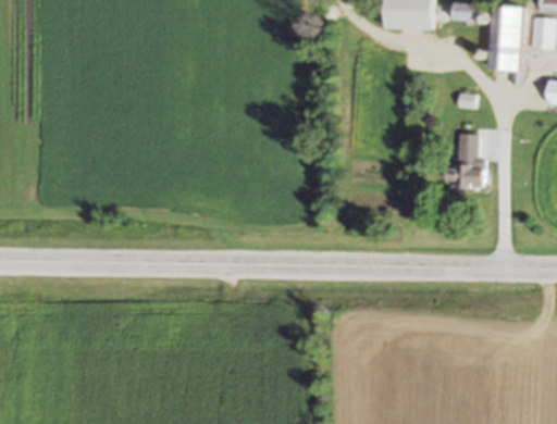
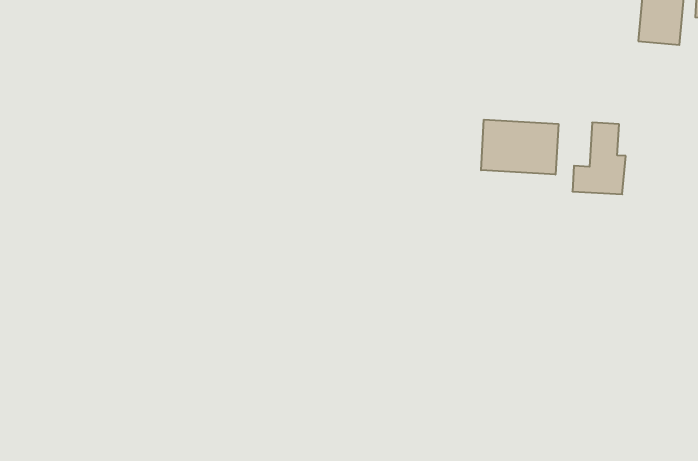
building: none -> [481,120,558,175]

